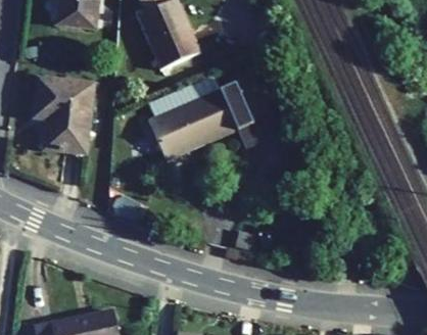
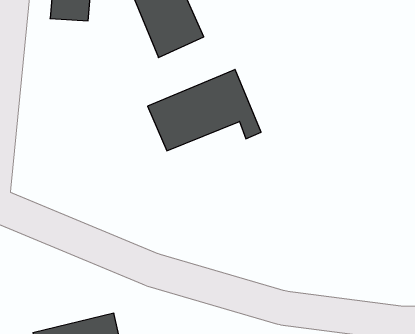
building: [31,88,90,162] -> none

